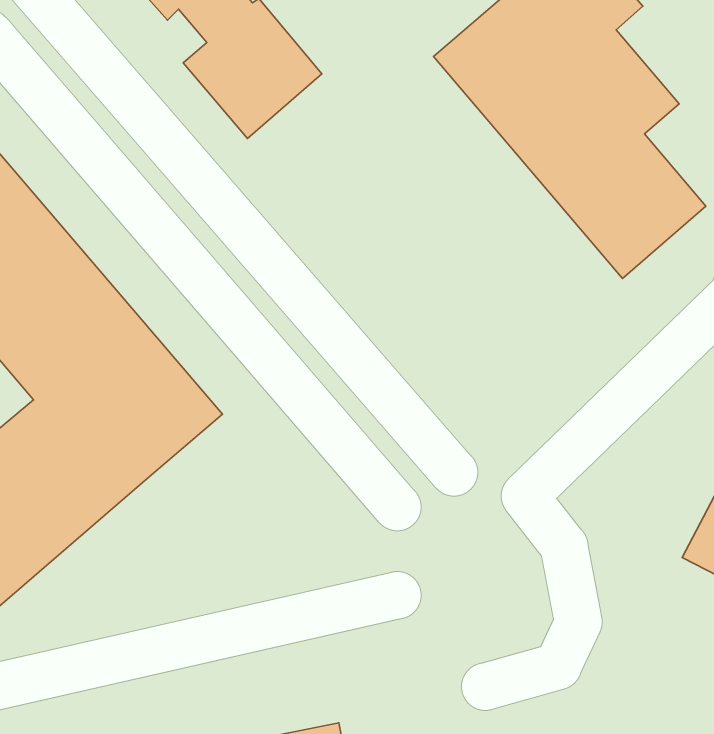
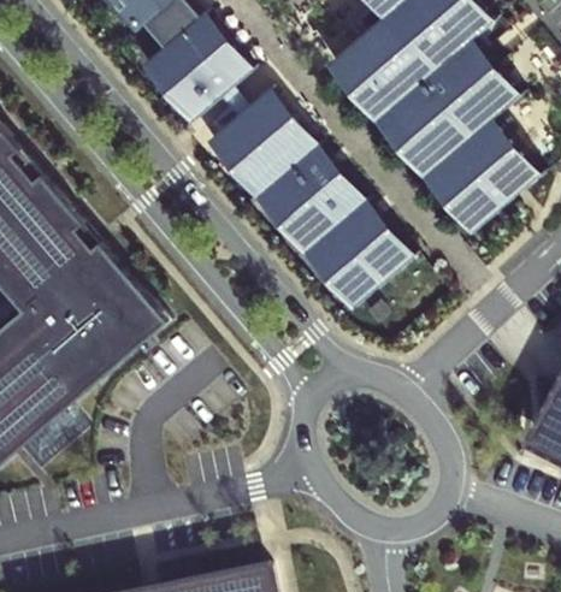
building: none -> [207,89,409,307]

